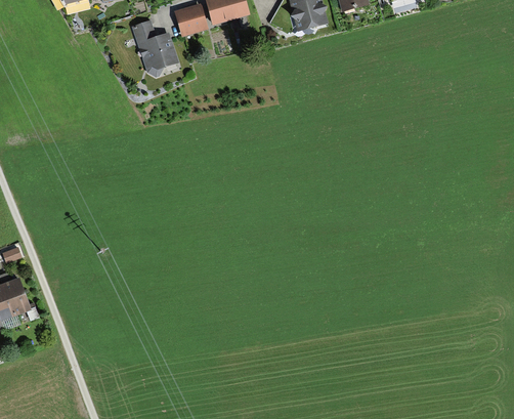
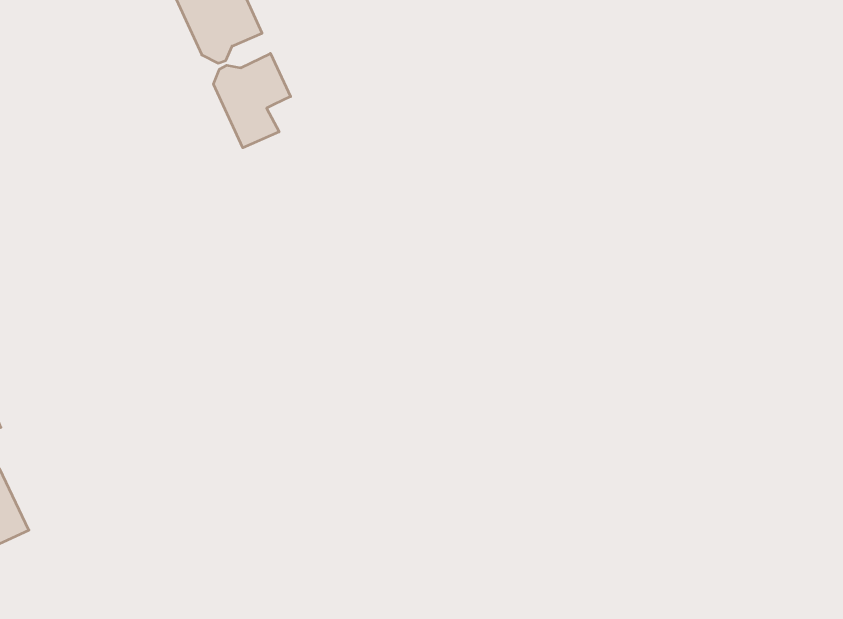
building: none -> [214,53,291,148]

